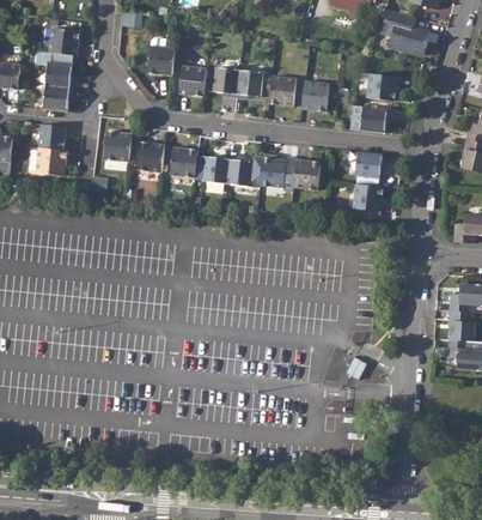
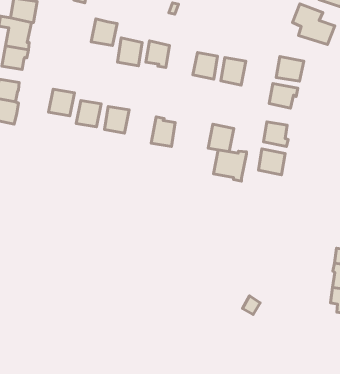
building: [236,69,263,97] -> none
building: [201,153,228,186] -> none
building: [258,156,295,191] -> [213,150,247,181]

